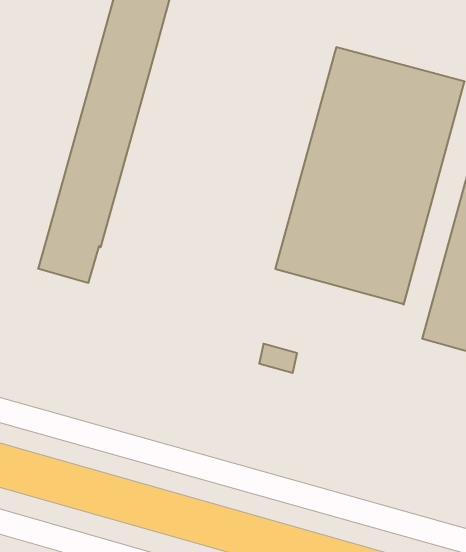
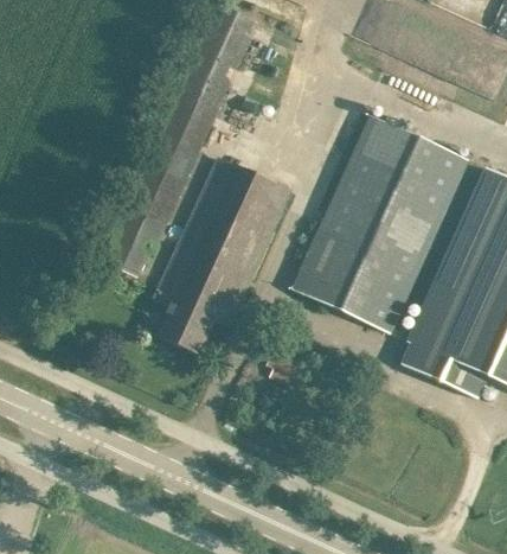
building: none -> [156,157,290,352]

